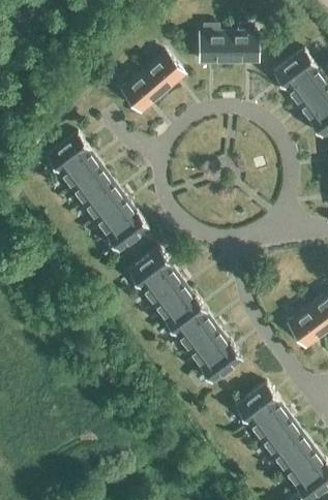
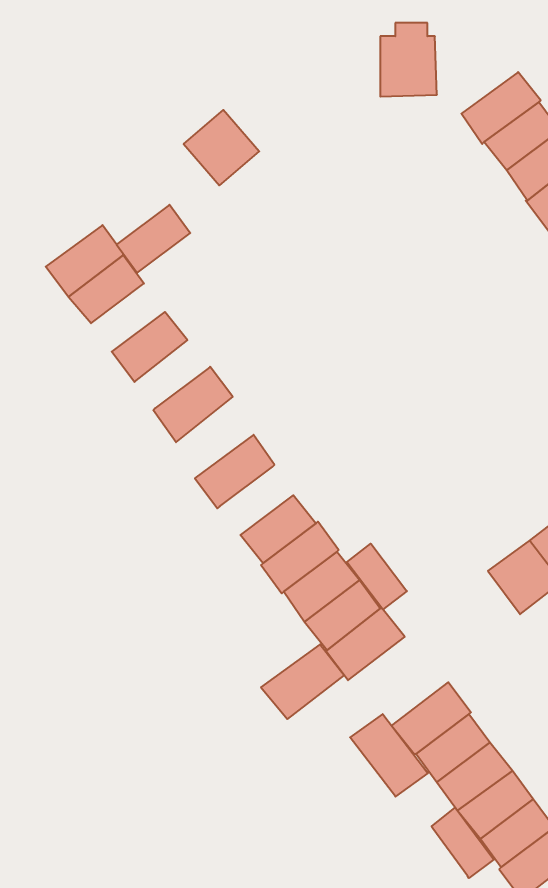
building: [200,32,229,61] -> none
building: [143,52,184,93] -> none
building: [70,165,111,202] -> [117,205,190,273]
building: [94,196,135,233] -> none
building: [141,265,181,303] -> none
building: none -> [347,544,407,610]
building: none -> [261,644,344,719]
building: none -> [350,714,428,797]
building: none -> [432,807,494,878]

